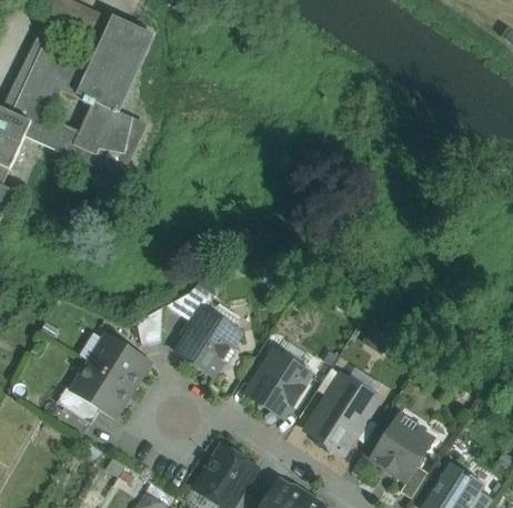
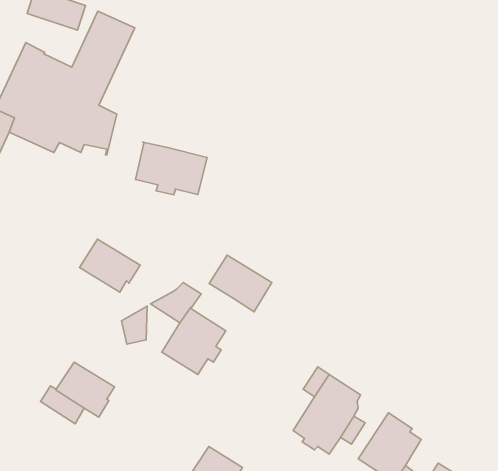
building: none -> [135,142,207,195]
building: none -> [209,255,272,312]
building: [90,335,150,387] -> [79,239,140,292]
building: [249,352,309,415] -> none

